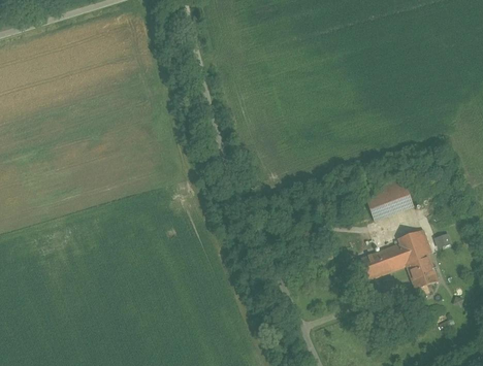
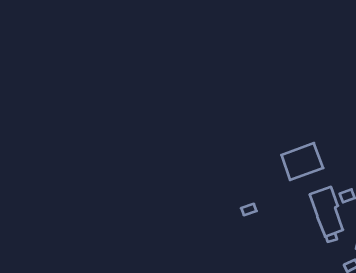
building: [357,244,407,281] -> none

